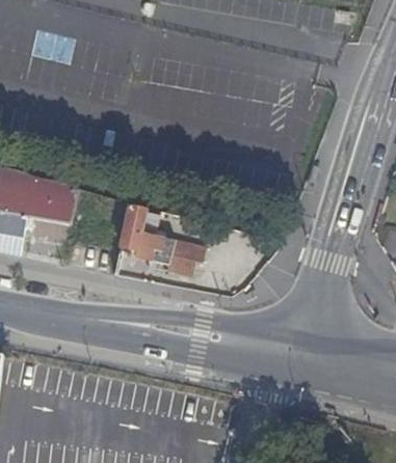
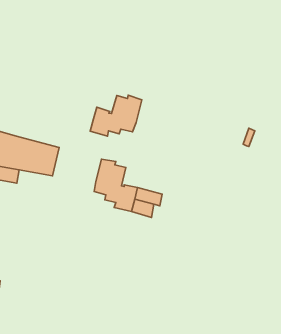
building: none -> [90,95,142,136]

